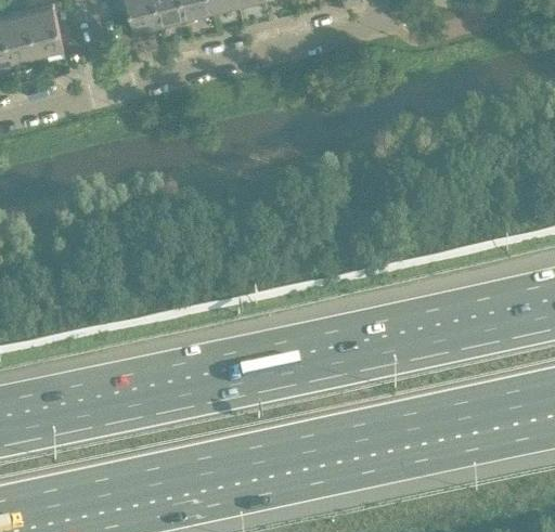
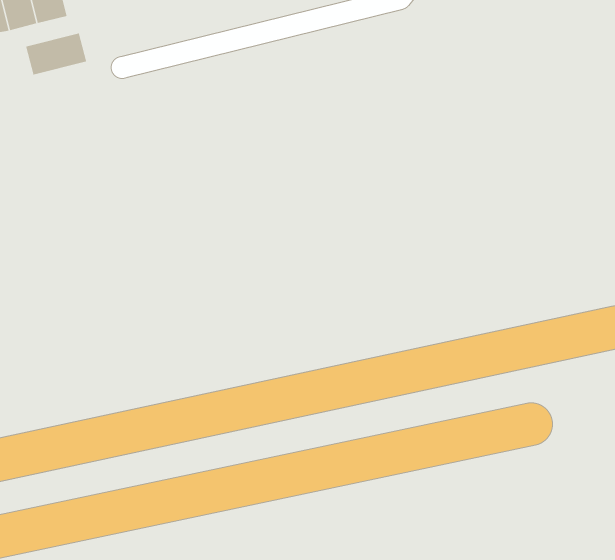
building: none -> [25,33,87,75]

